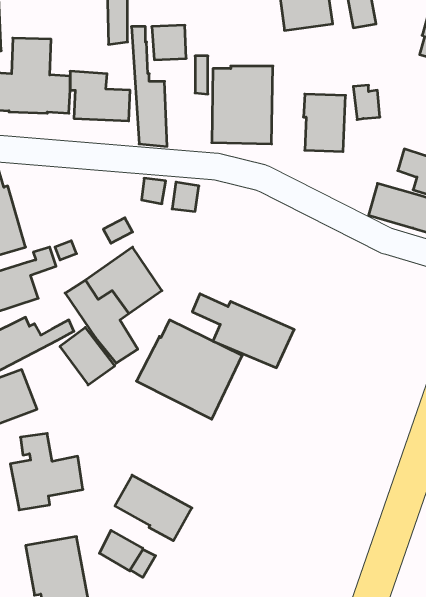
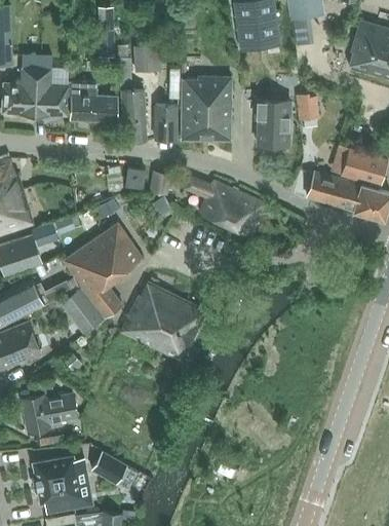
building: none -> [155,105,177,139]
building: [192,294,294,368] -> [183,175,265,234]
building: [115,475,192,541] -> none

